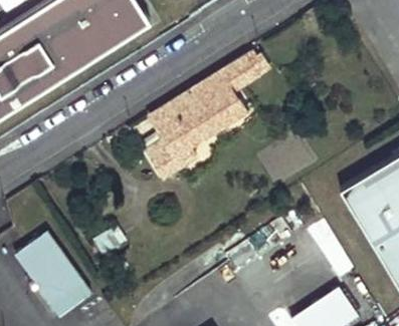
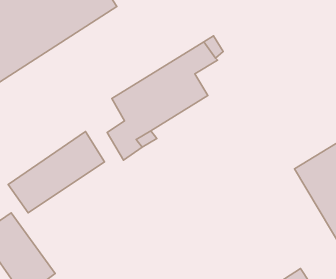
building: none -> [8,131,105,213]

